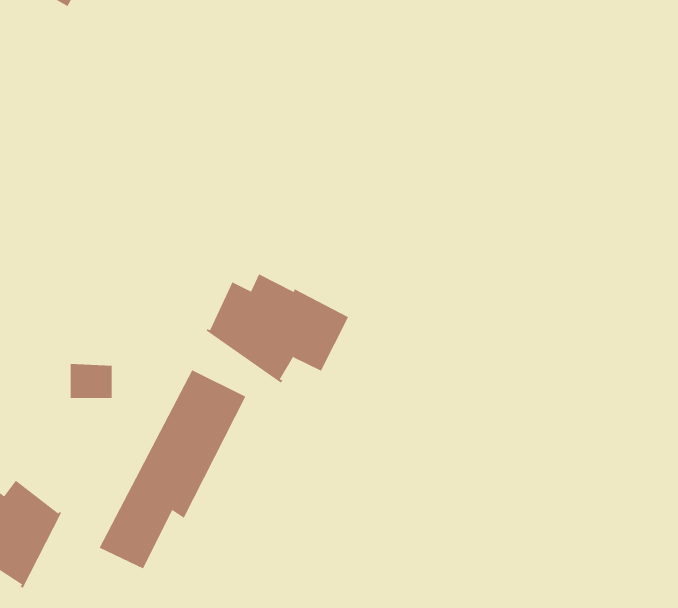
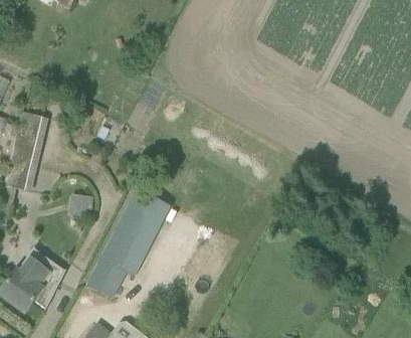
building: [206,274,349,383] -> none

